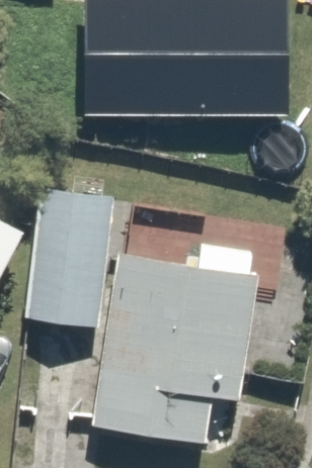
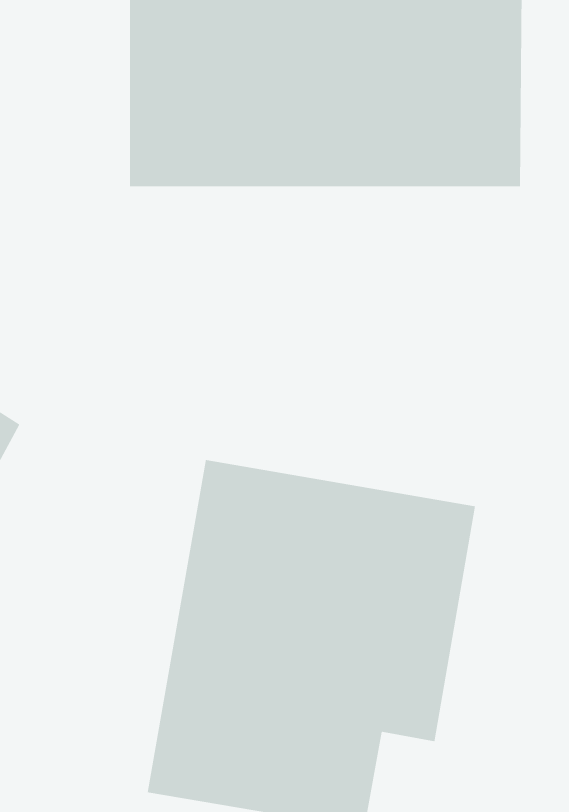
building: [26,186,107,325] -> none

